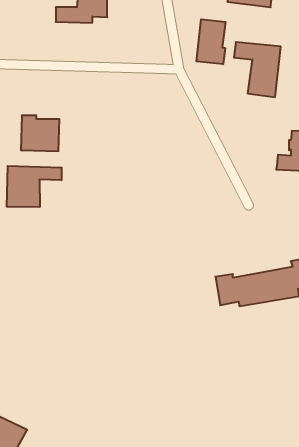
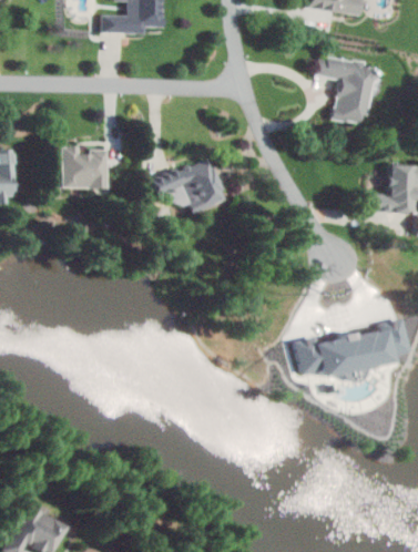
building: [196,19,226,64] -> none
building: none -> [153,157,228,212]
building: [7,166,62,207] -> none

